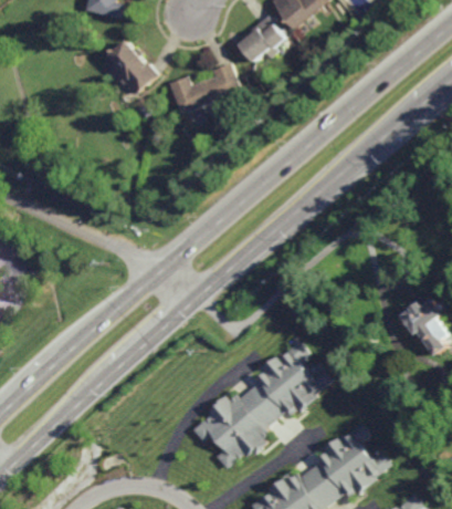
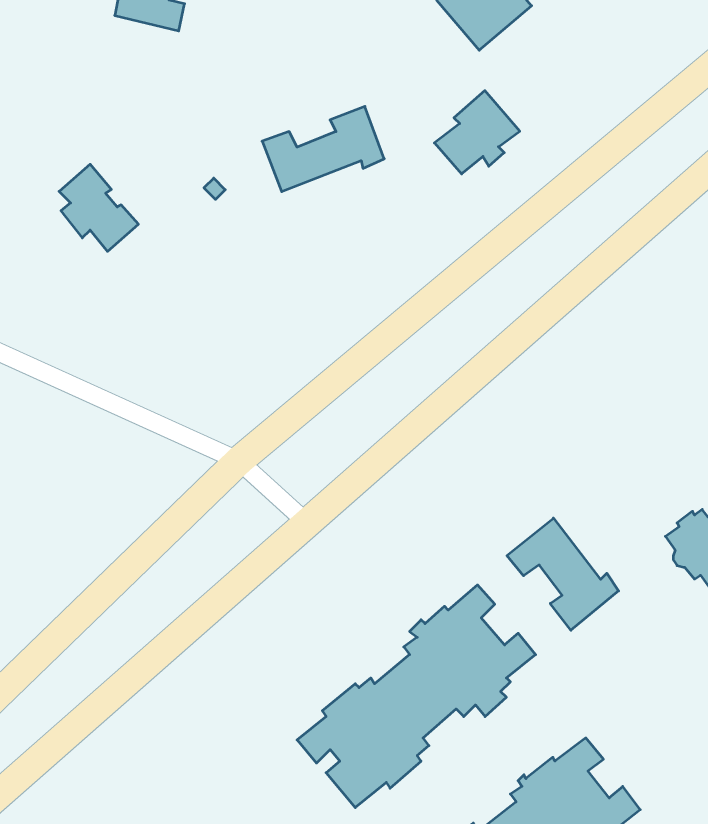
building: [238,18,286,65] -> [434,91,520,174]
building: [112,42,157,92] -> [59,164,138,251]
building: none -> [507,518,619,630]

